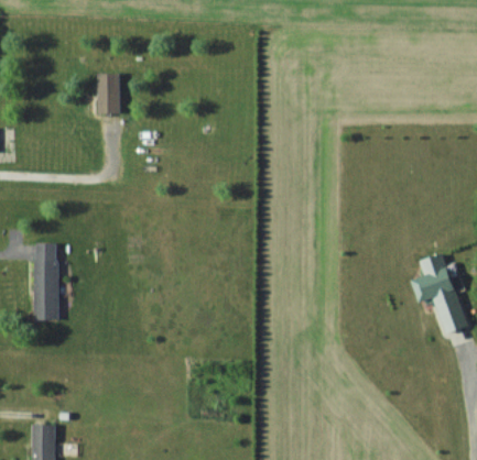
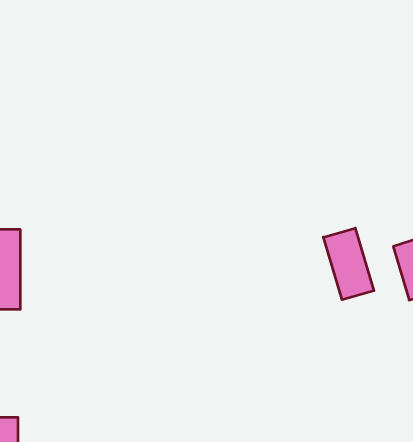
building: [98,74,120,113] -> none
building: none -> [323,228,374,300]

